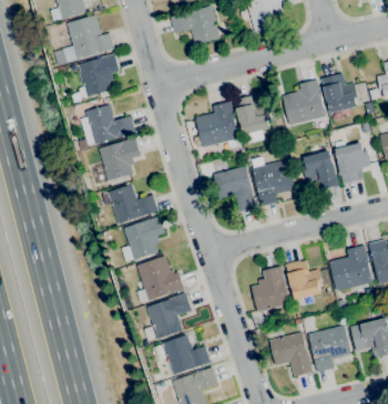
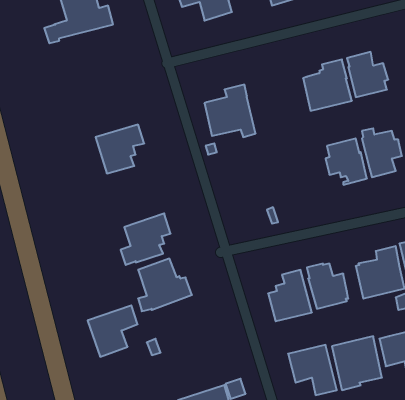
building: [72,53,120,102] -> none
building: [234,95,269,135] -> none
building: [80,104,135,145] -> none
building: [252,158,295,206] -> none
building: [213,166,256,211] -> none
building: [102,184,159,224] -> none
building: [147,293,192,339] -> [88,305,138,357]
building: [163,334,211,374] -> none

